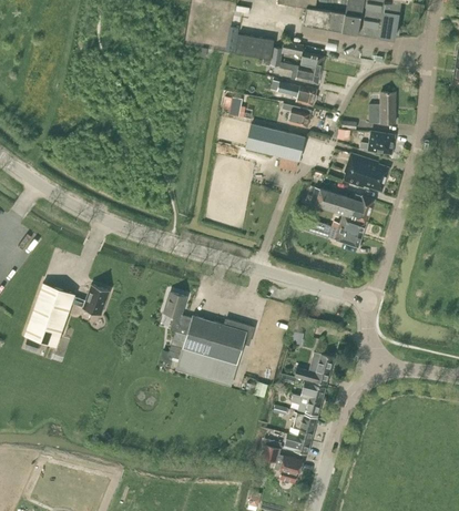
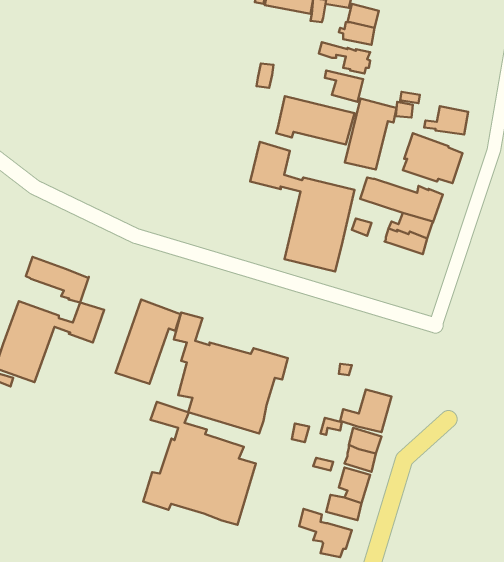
building: [369,93,395,123] -> none
building: none -> [345,99,397,169]
building: none -> [250,142,355,271]
building: none -> [26,257,89,303]
building: none -> [115,300,180,384]
building: none -> [143,402,256,525]

